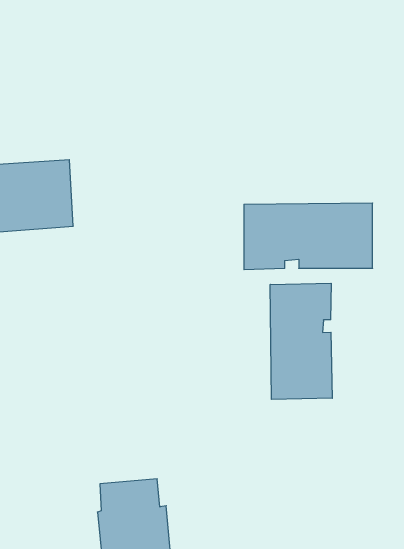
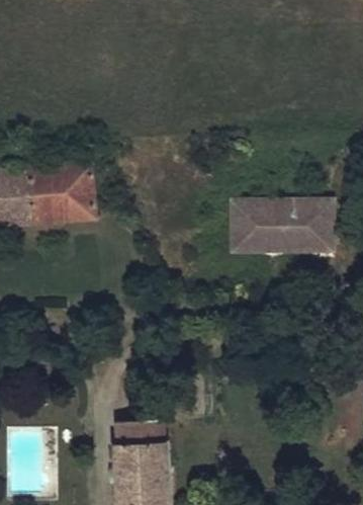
building: [270,283,332,399] -> none

